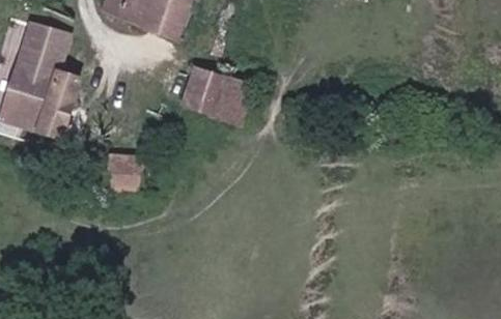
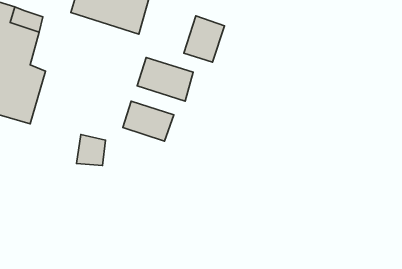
building: none -> [184,16,225,62]
building: none -> [123,101,174,141]

